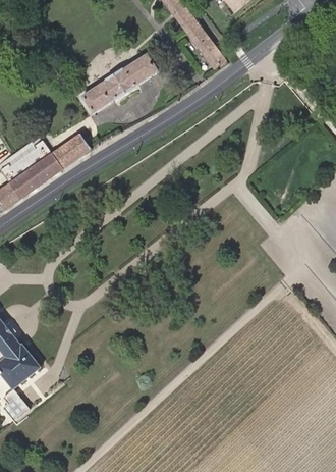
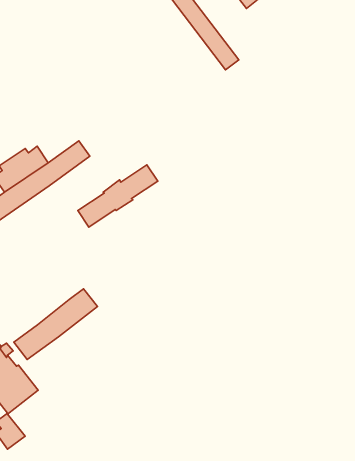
building: [82,54,157,112] -> [78,165,158,227]
building: none -> [14,289,97,359]

